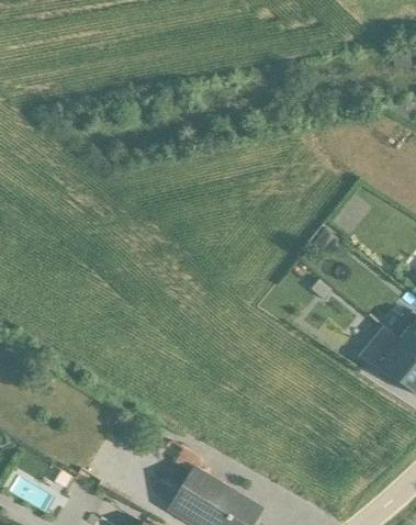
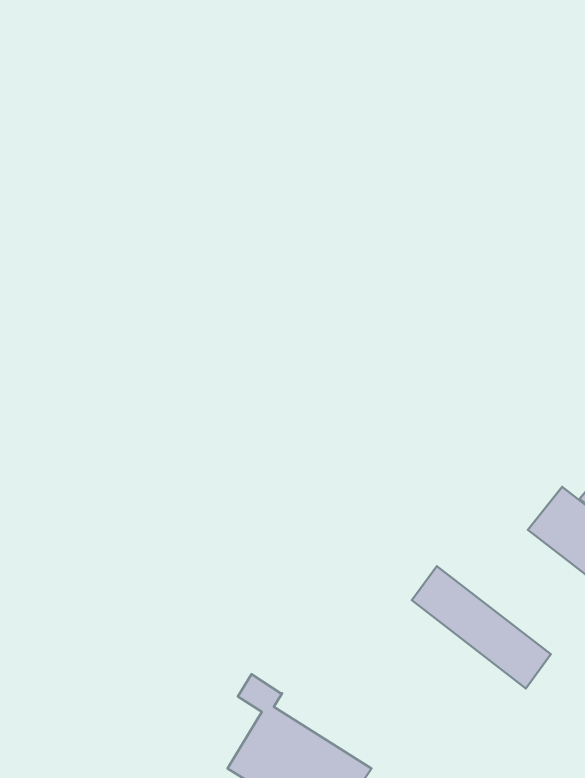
building: none -> [412,566,551,688]

